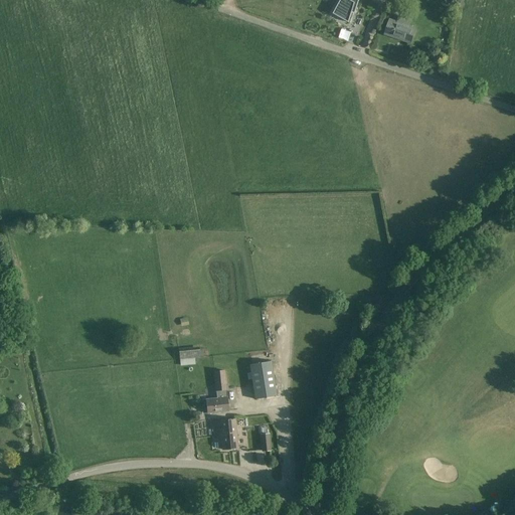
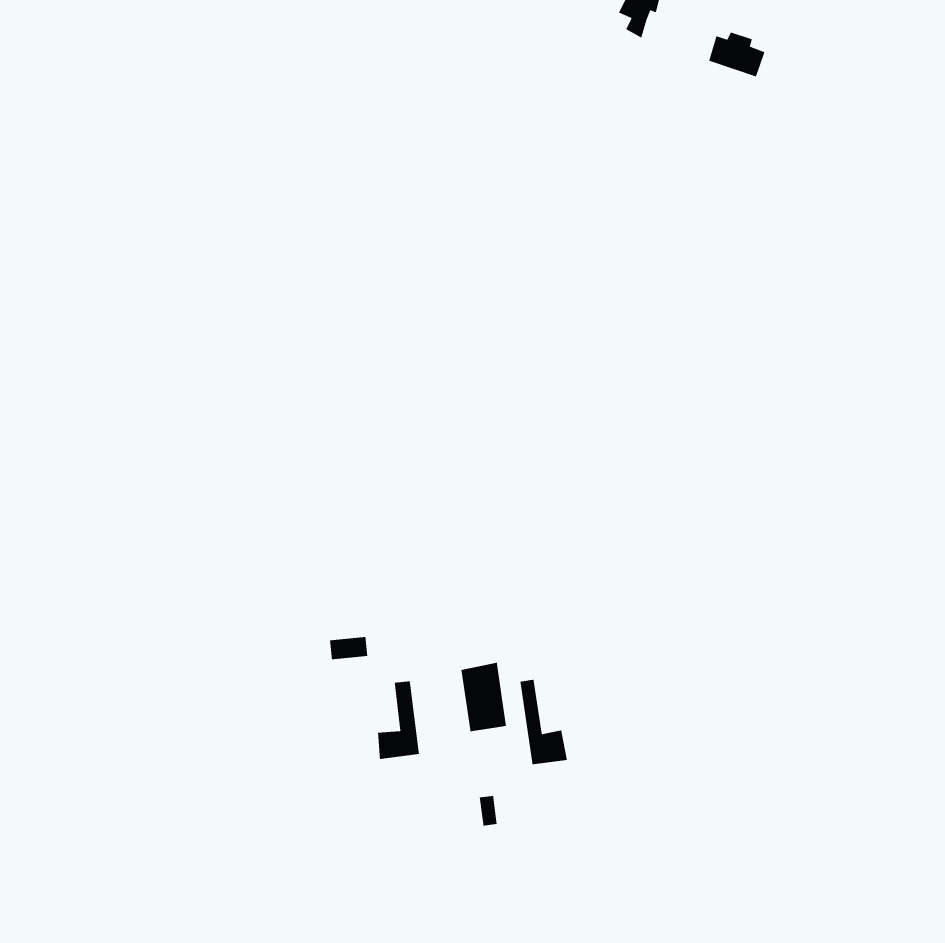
building: none -> [519,679,568,765]
building: [211,417,238,450] -> none

